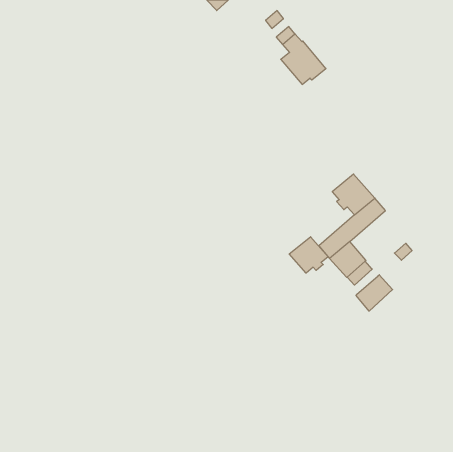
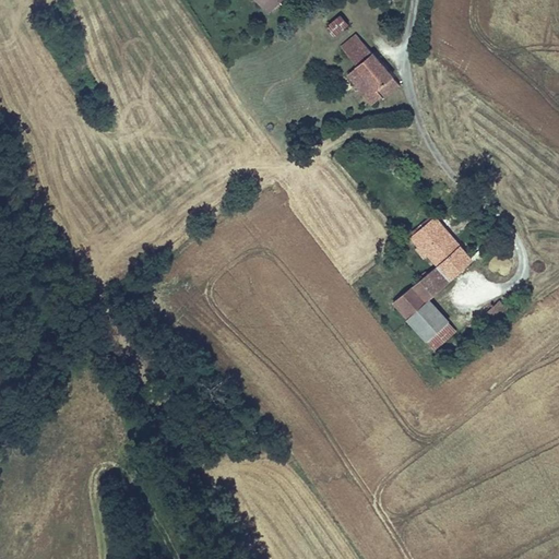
building: [289,237,328,273] -> none
building: [356,275,393,311] -> none

